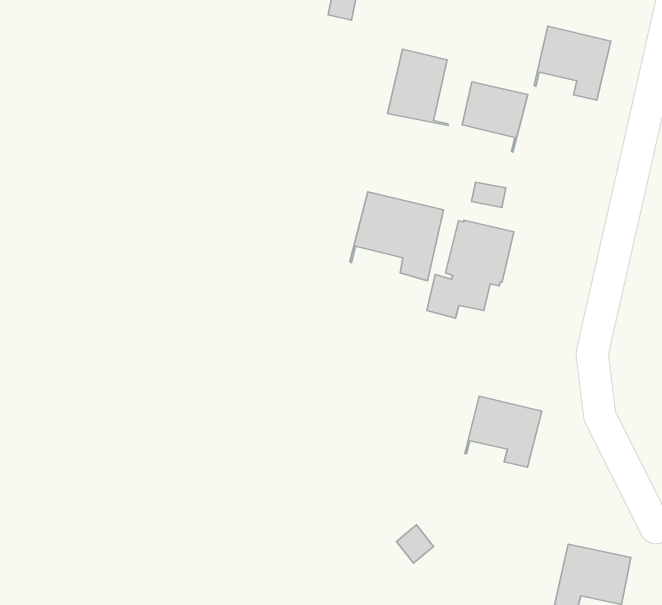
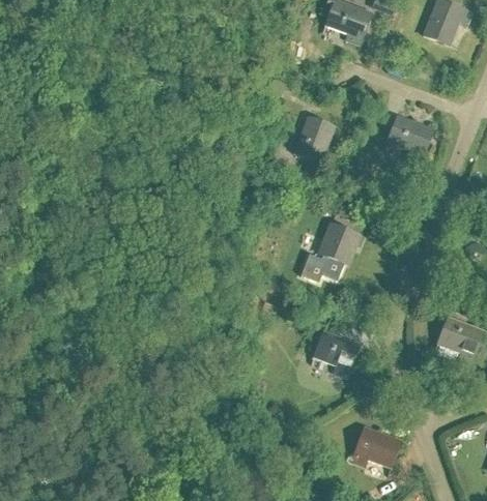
building: [462,82,528,152] -> none
building: [350,192,444,281] -> none

